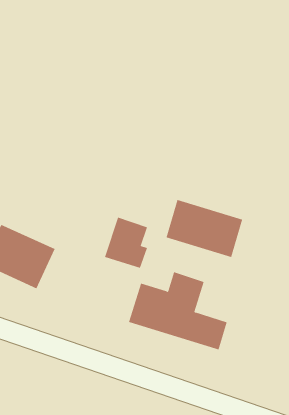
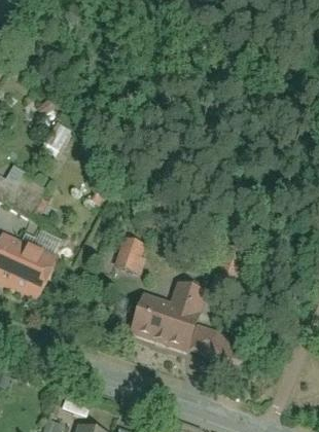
building: [166,199,243,258] -> none

